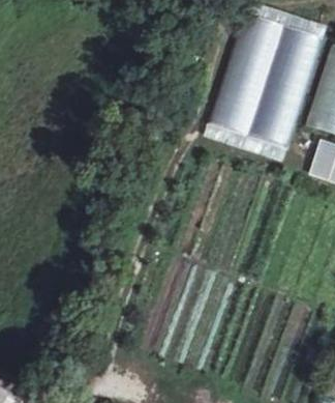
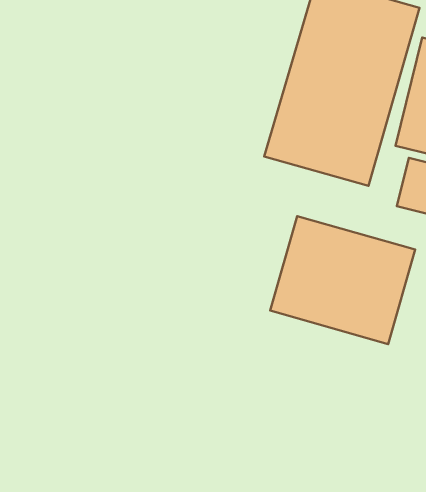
building: none -> [270,216,415,344]

